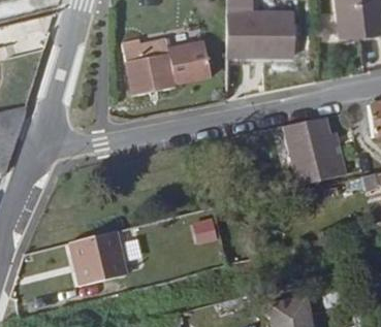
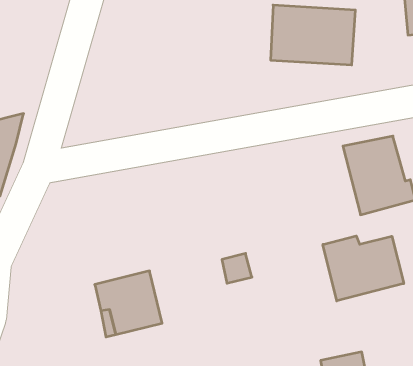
building: [122,38,211,96] -> none
building: none -> [323,236,404,301]

